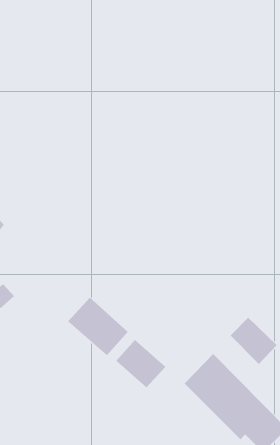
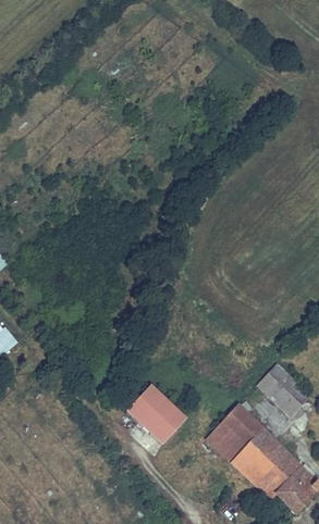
building: [67,297,128,356] -> none

